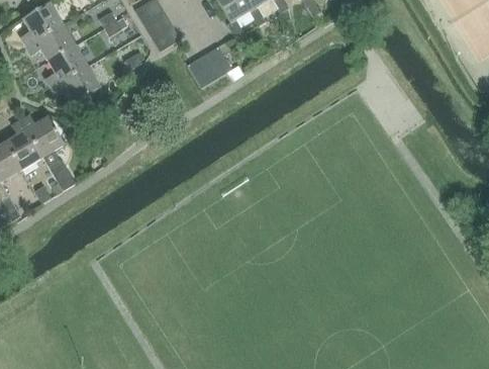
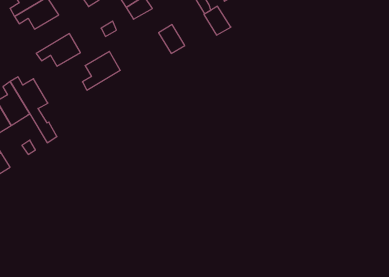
building: [45,43,88,87] -> [82,51,120,90]
building: [203,45,233,78] -> [204,6,231,35]

